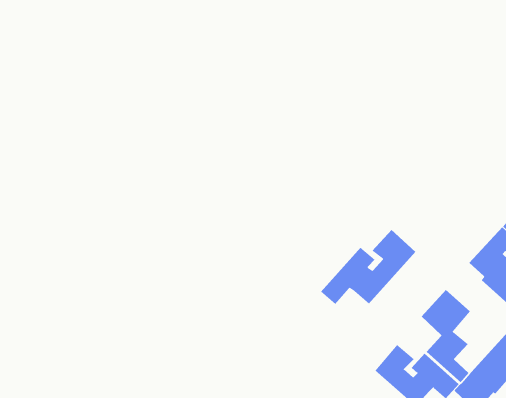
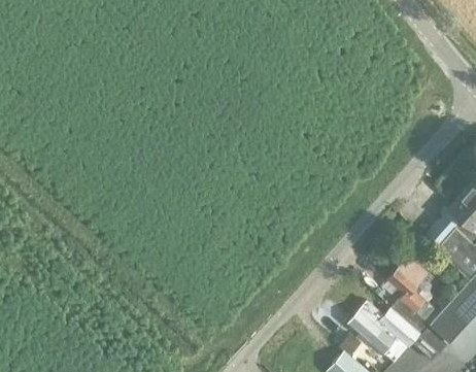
building: [320,229,416,305] -> none

